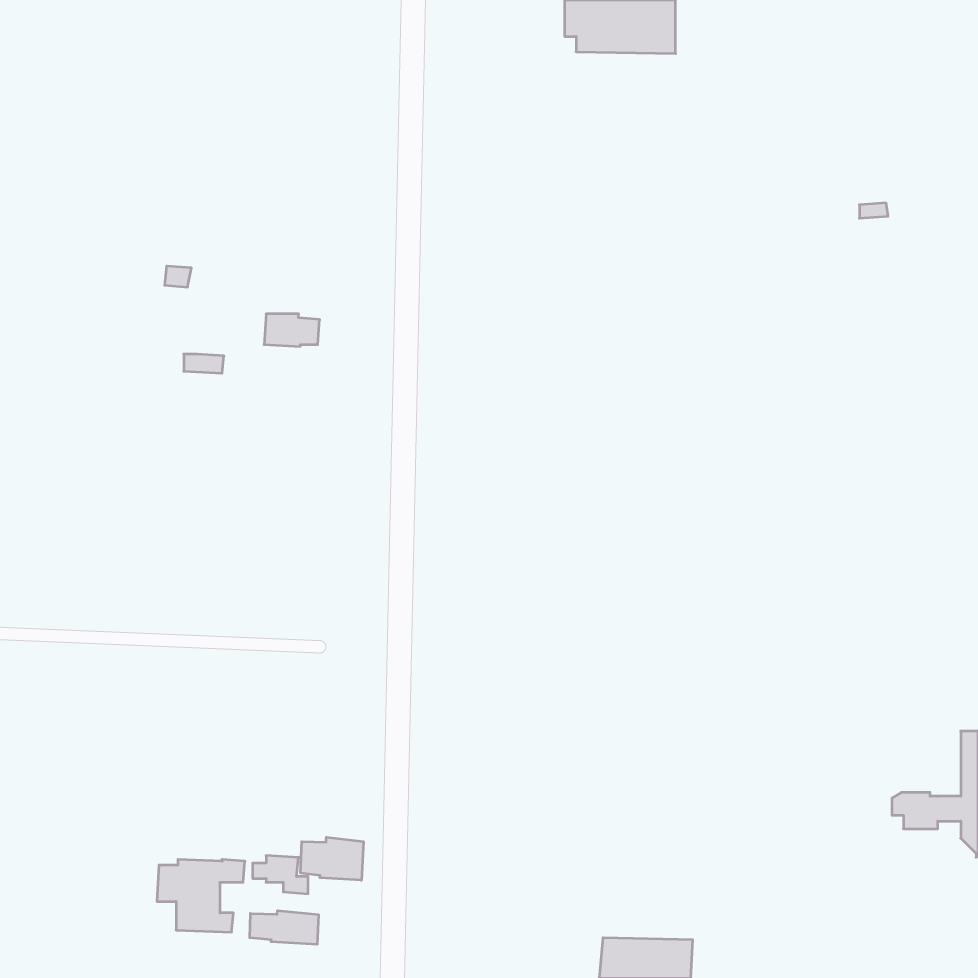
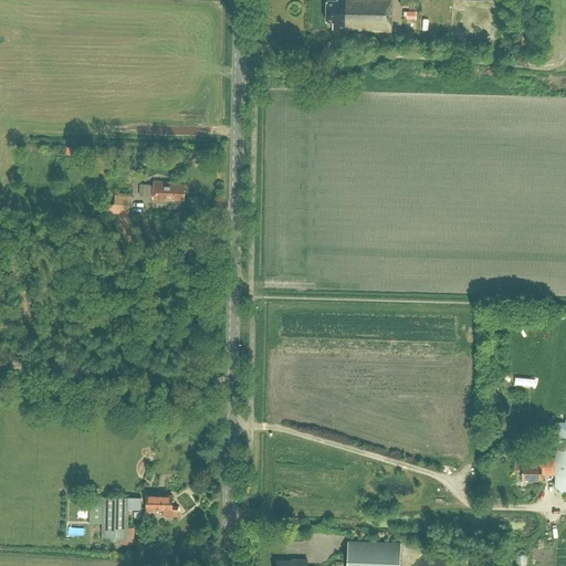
building: [301,837,363,880] -> none
building: [250,911,318,944] -> none

